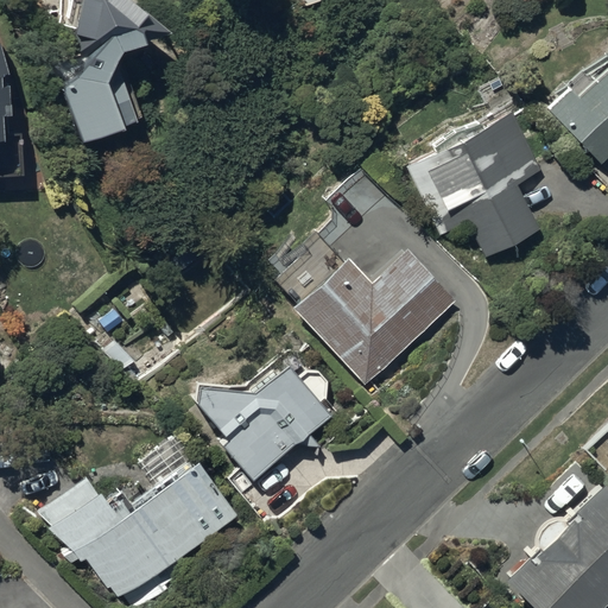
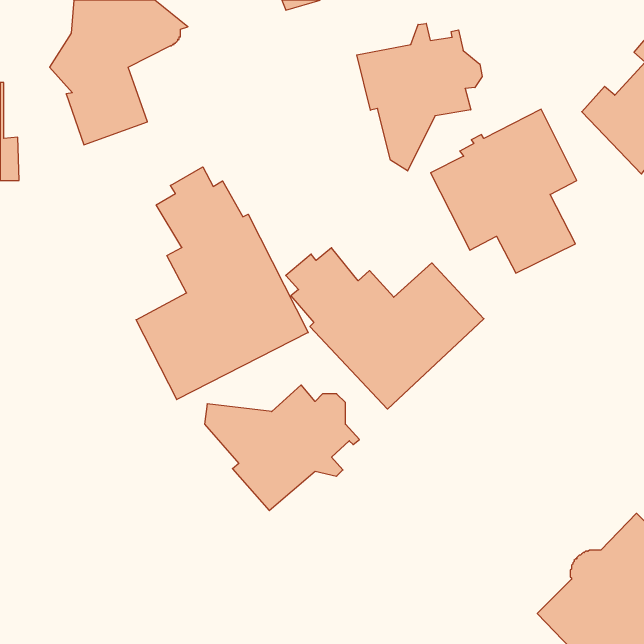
building: none -> [357,23,482,171]
building: none -> [136,167,308,400]
building: [34,438,238,601] -> none

